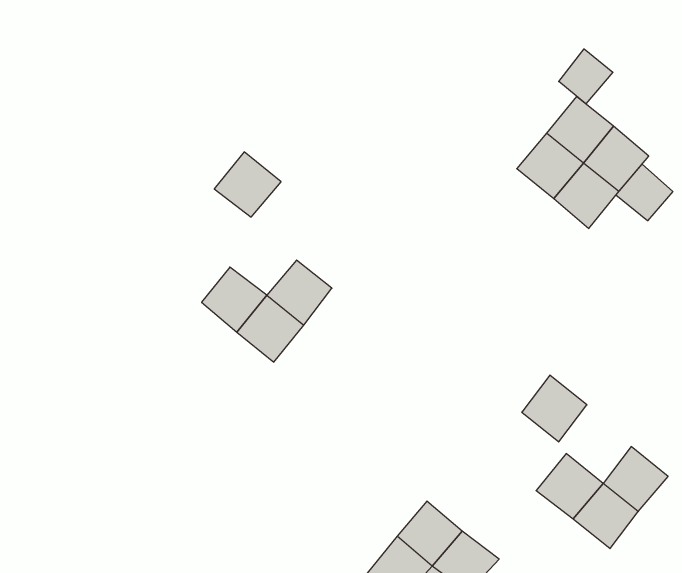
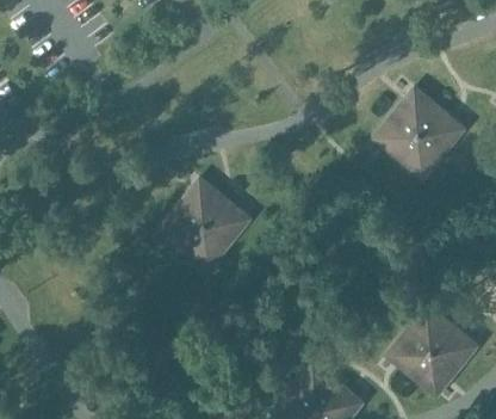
building: [559,49,613,104] -> none
building: [214,152,281,217] -> [181,179,227,223]
building: [616,164,673,221] -> none
building: [522,375,587,442] -> [409,306,453,351]

